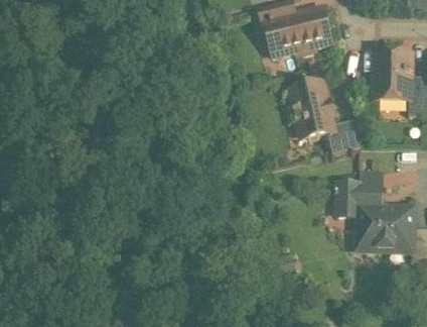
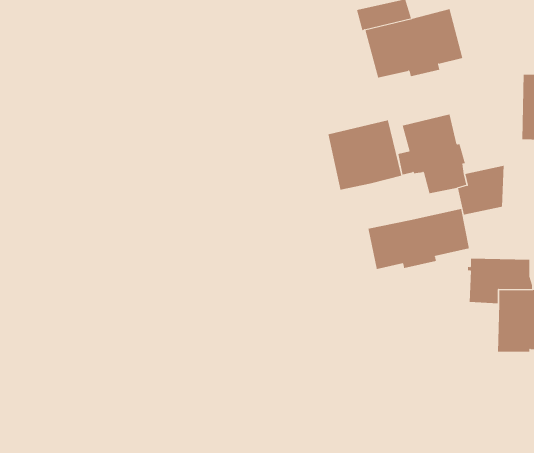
building: none -> [328,120,402,191]
building: none -> [368,208,469,270]

